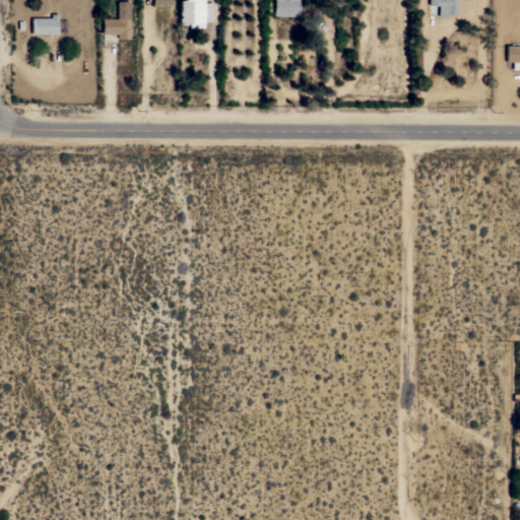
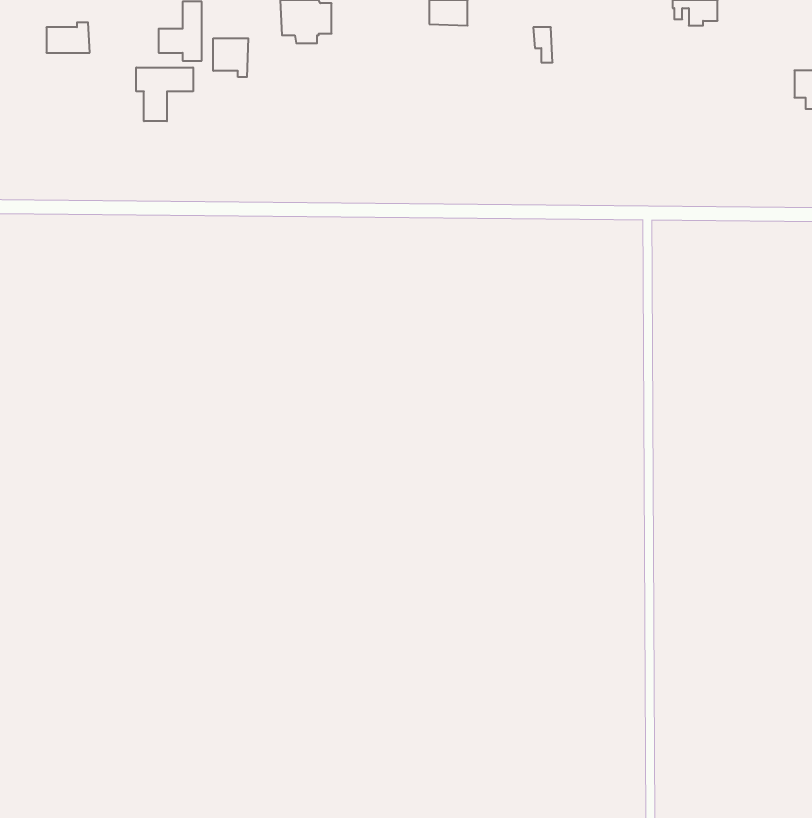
building: none -> [213,38,248,77]
building: none -> [136,67,193,121]

